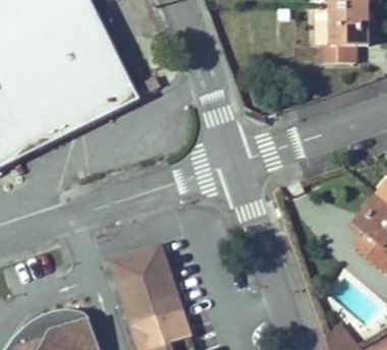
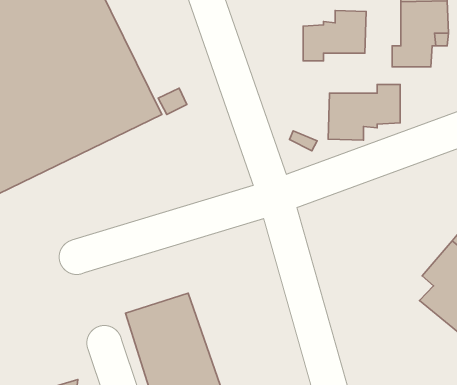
building: none -> [303,10,366,61]
building: none -> [328,84,400,140]

